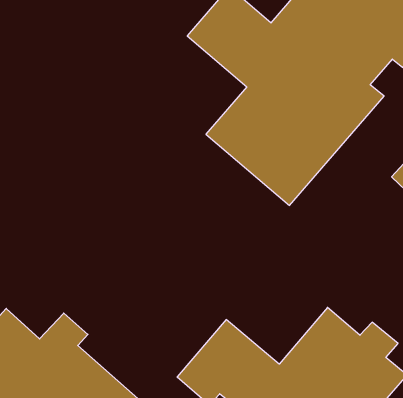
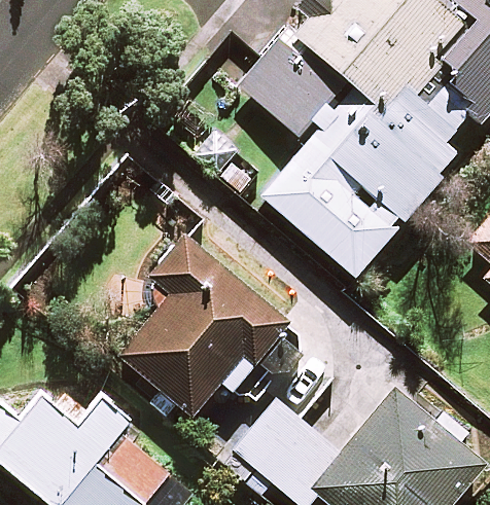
building: none -> [118,231,288,416]

